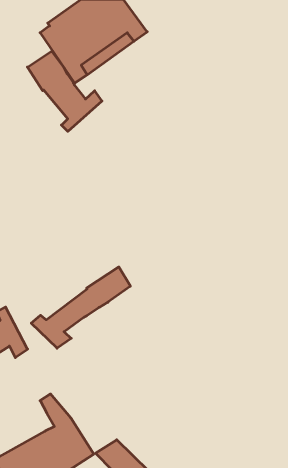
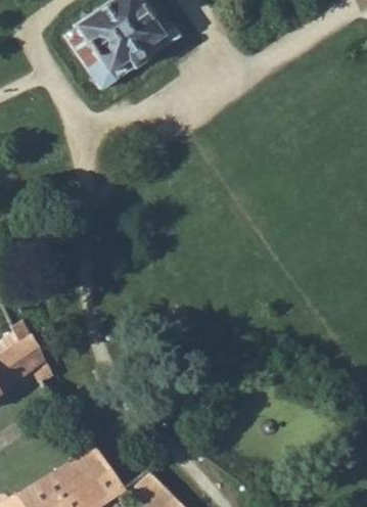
building: [27,51,102,131] -> none
building: [31,267,130,348] -> none

